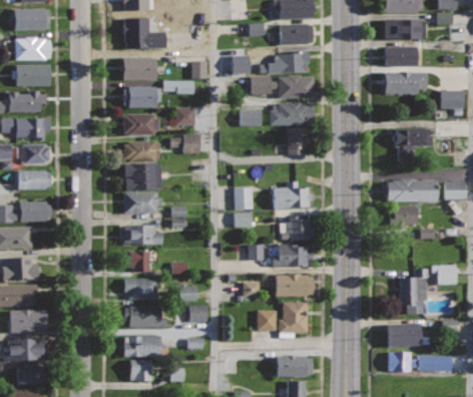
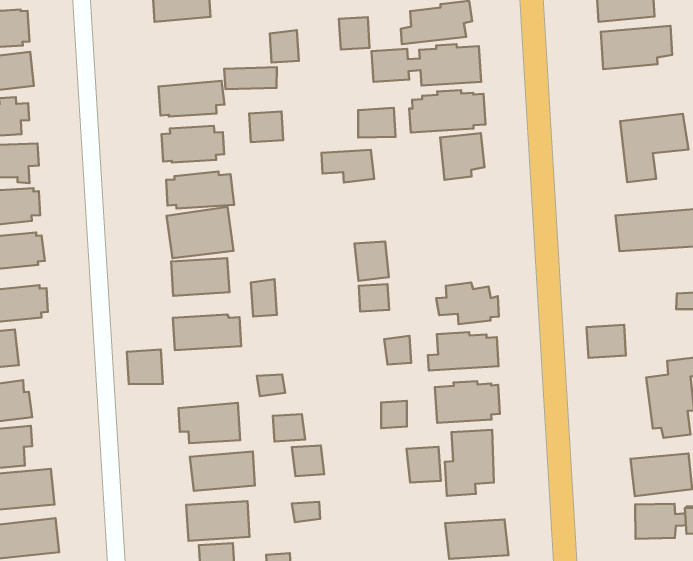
building: [122,57,157,80] -> none
building: [170,136,200,154] -> [321,150,374,182]
building: [275,181,312,209] -> none
building: [395,208,417,226] -> [587,325,626,358]
building: [130,252,150,272] -> [127,350,163,384]

